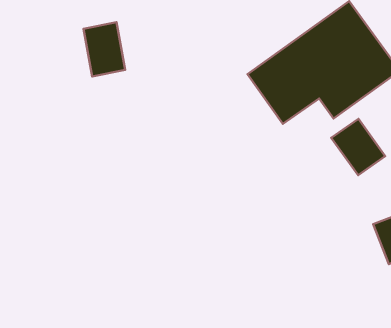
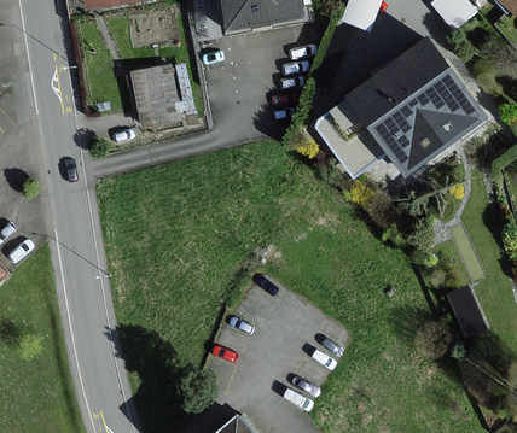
building: [331,119,385,175] -> none

